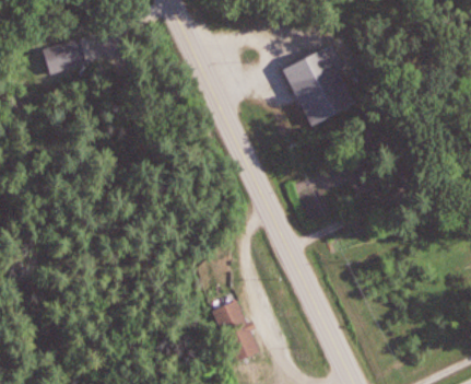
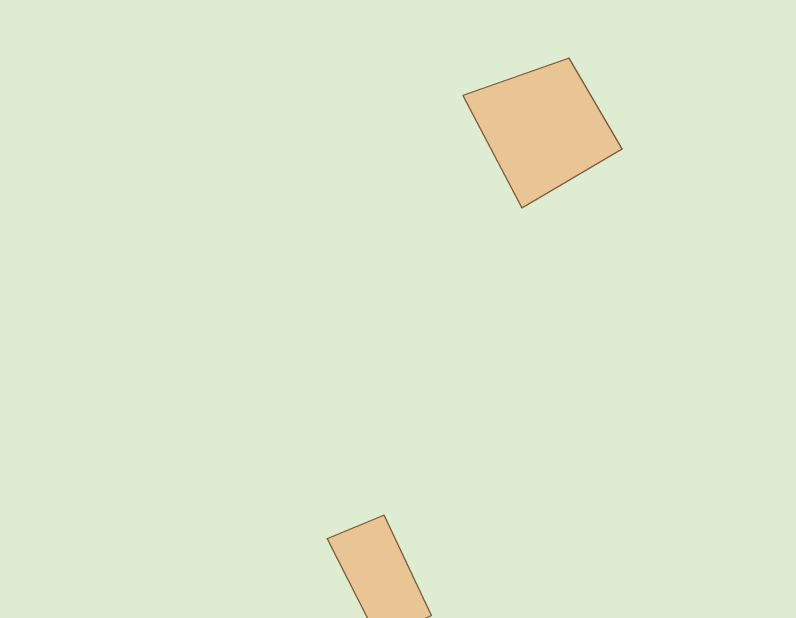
building: [37,32,87,77] -> none

